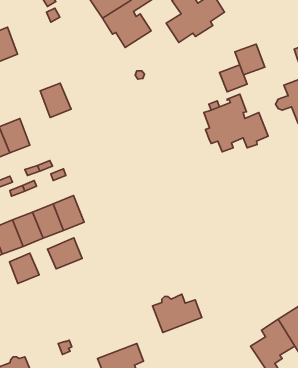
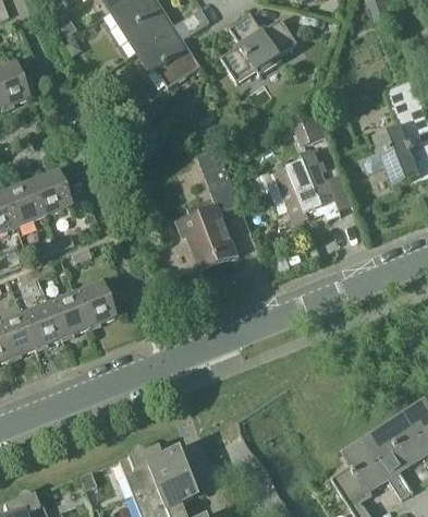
building: [235,44,265,75] -> none
building: [40,83,71,117] -> [30,171,71,216]
building: none -> [178,149,240,267]
building: [48,238,82,269] -> none
building: [9,253,39,283] -> none
building: [153,294,202,333] -> [119,444,183,494]

